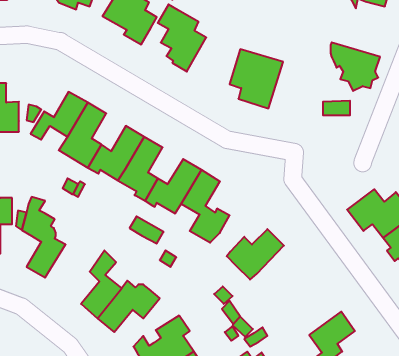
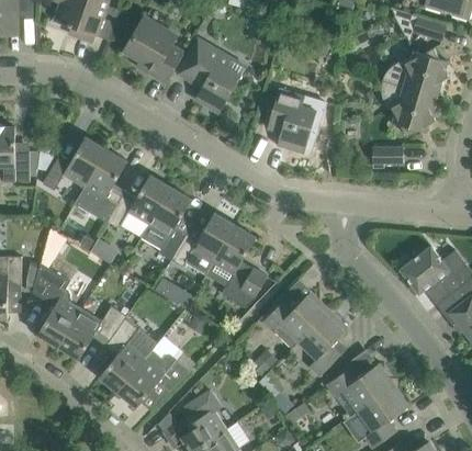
building: none -> [382,47,449,97]
building: none -> [58,305,125,359]
building: none -> [297,309,348,376]
building: none -> [326,363,393,410]

